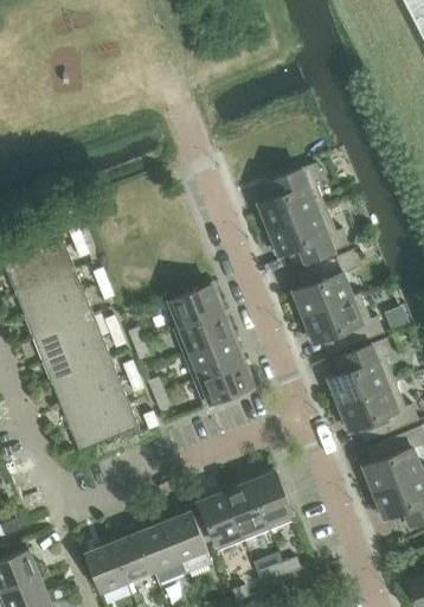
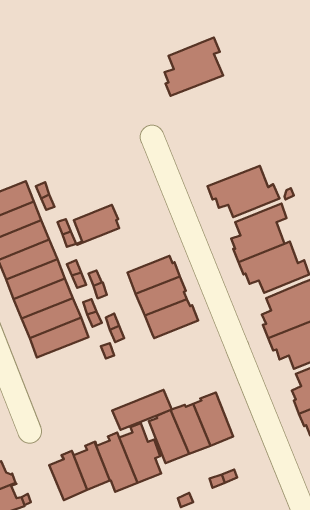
building: [259,162,327,230] -> [164,37,223,96]
building: [171,283,223,330] -> [74,205,119,245]
building: [70,404,139,451] -> [112,390,172,430]

